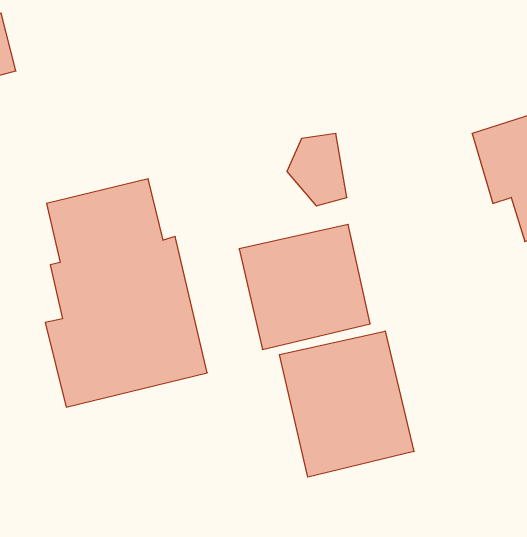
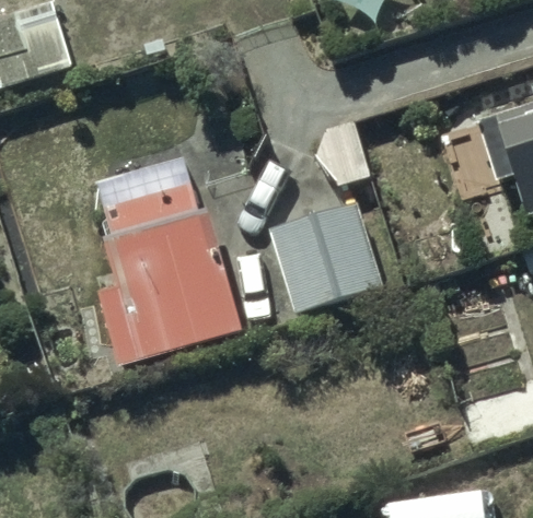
building: [279,331,414,477] -> none

